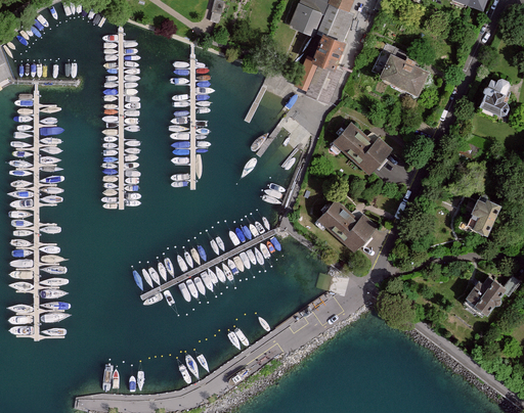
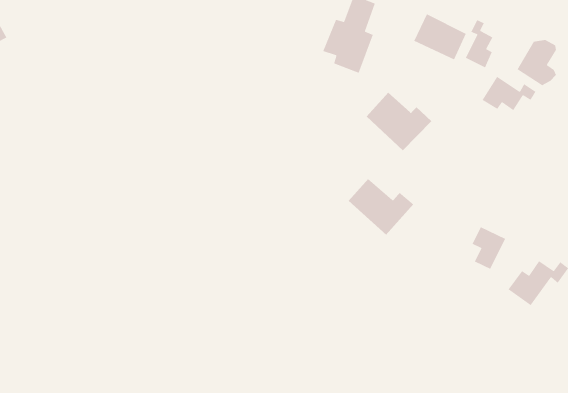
building: none -> [465,19,494,68]
building: none -> [481,76,537,111]
building: [465,193,496,233] -> [471,226,506,270]

